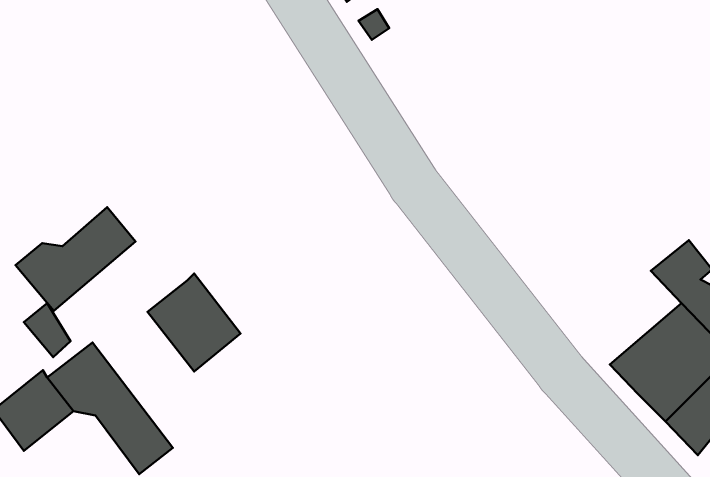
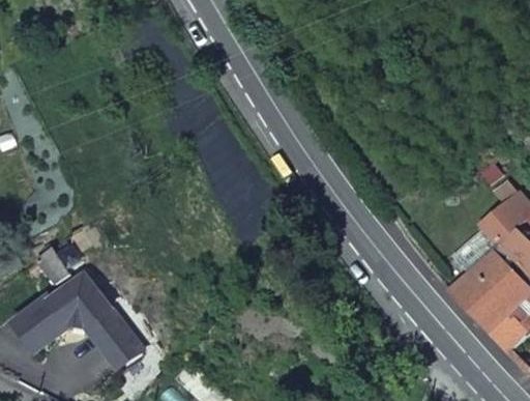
building: [16,207,136,311] -> none
building: [148,273,241,372] -> none

